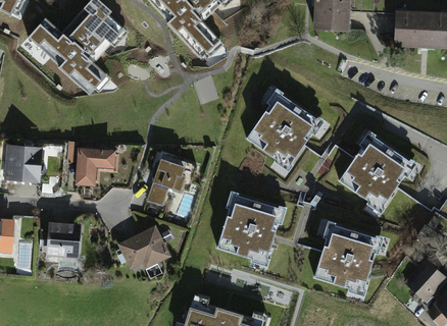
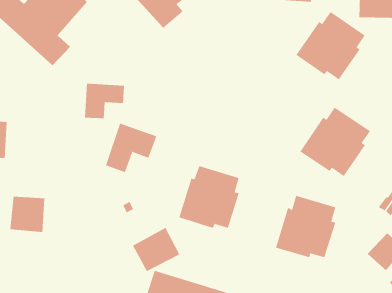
building: [245,93,315,162] -> [295,11,366,80]
building: [76,152,116,187] -> [84,83,125,119]
building: [120,228,168,273] -> [132,227,180,272]

